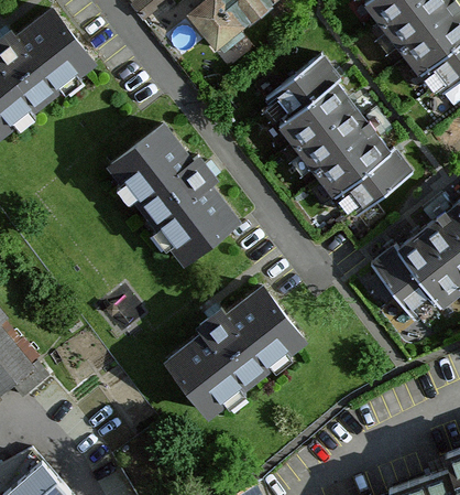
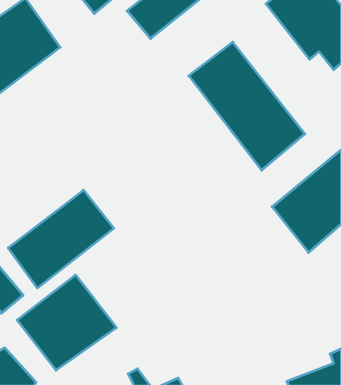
building: [111,119,245,267] -> none
building: none -> [8,190,114,288]
building: [166,280,315,419] -> none
building: none -> [17,275,116,370]

